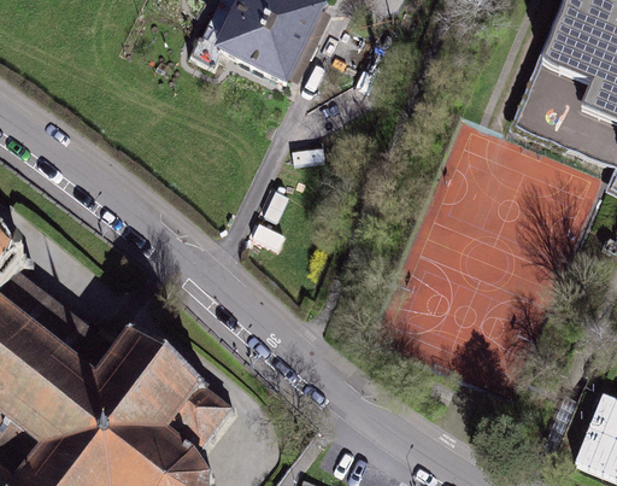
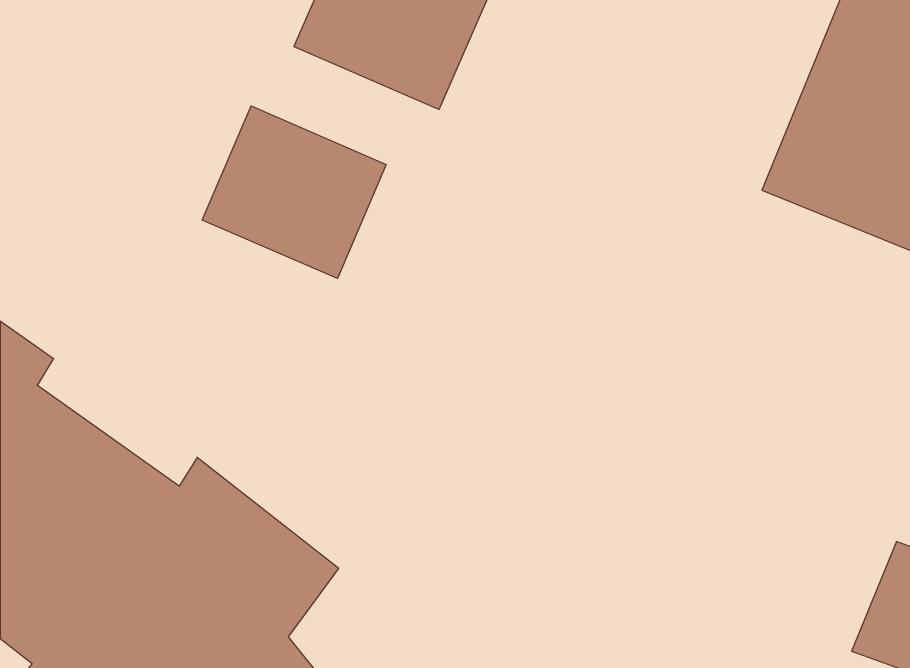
building: none -> [202,106,386,278]

